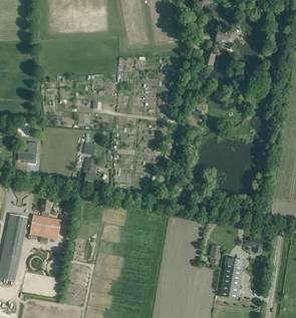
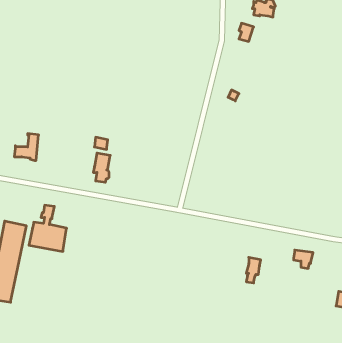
building: [219,257,243,299] -> none

